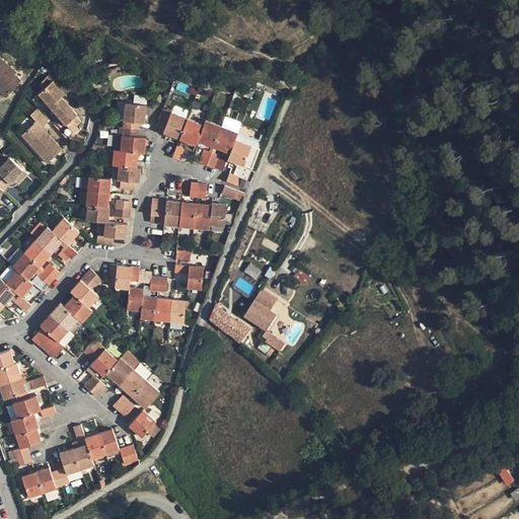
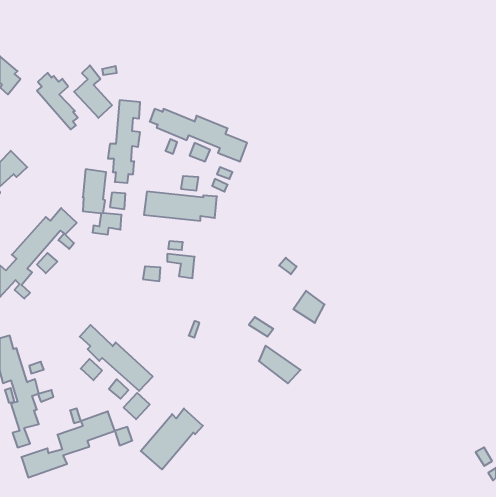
building: [22,108,62,163] -> [74,65,112,118]
building: [108,266,186,322] -> none
building: [31,269,102,358] -> none
building: [245,298,278,331] -> [293,291,325,323]
building: [208,304,251,344] -> [259,346,301,383]
building: none -> [141,408,203,469]

